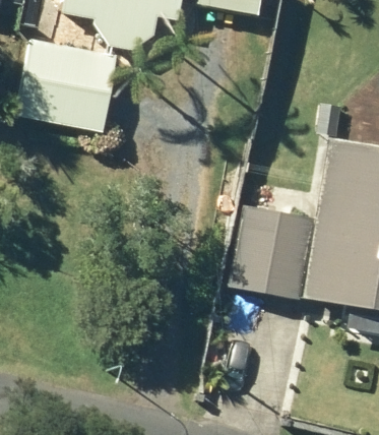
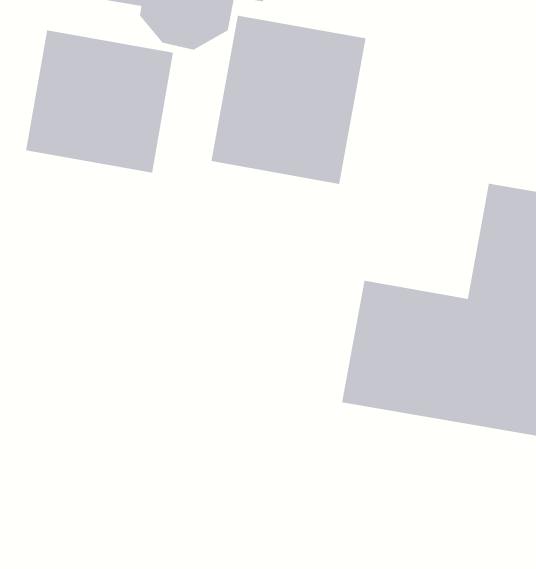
building: none -> [211,15,367,185]

